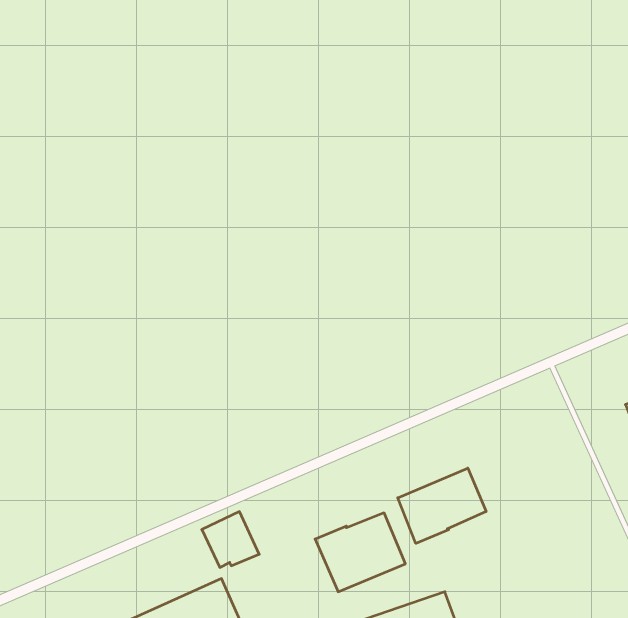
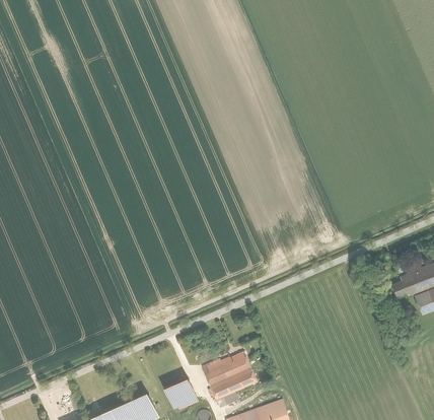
building: [398,468,486,543] -> none
building: [202,512,259,567] -> [161,375,197,410]

